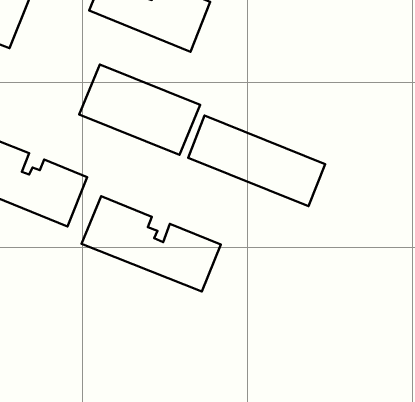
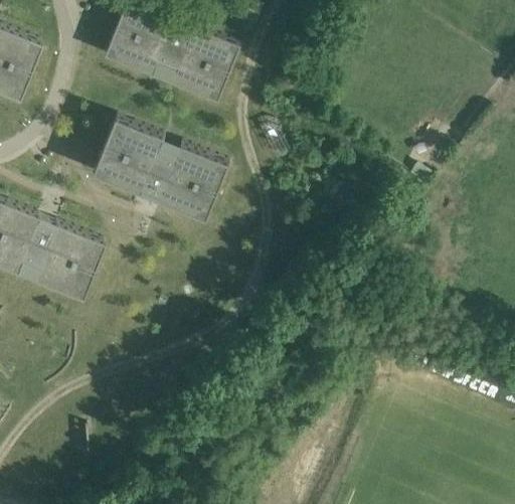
building: [188,116,325,206] -> none
building: [81,196,221,292] -> none

